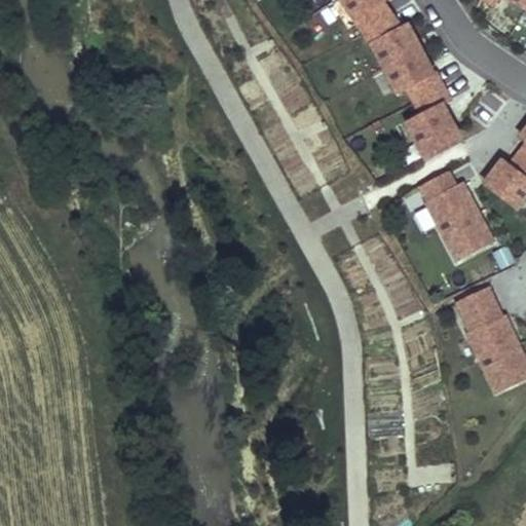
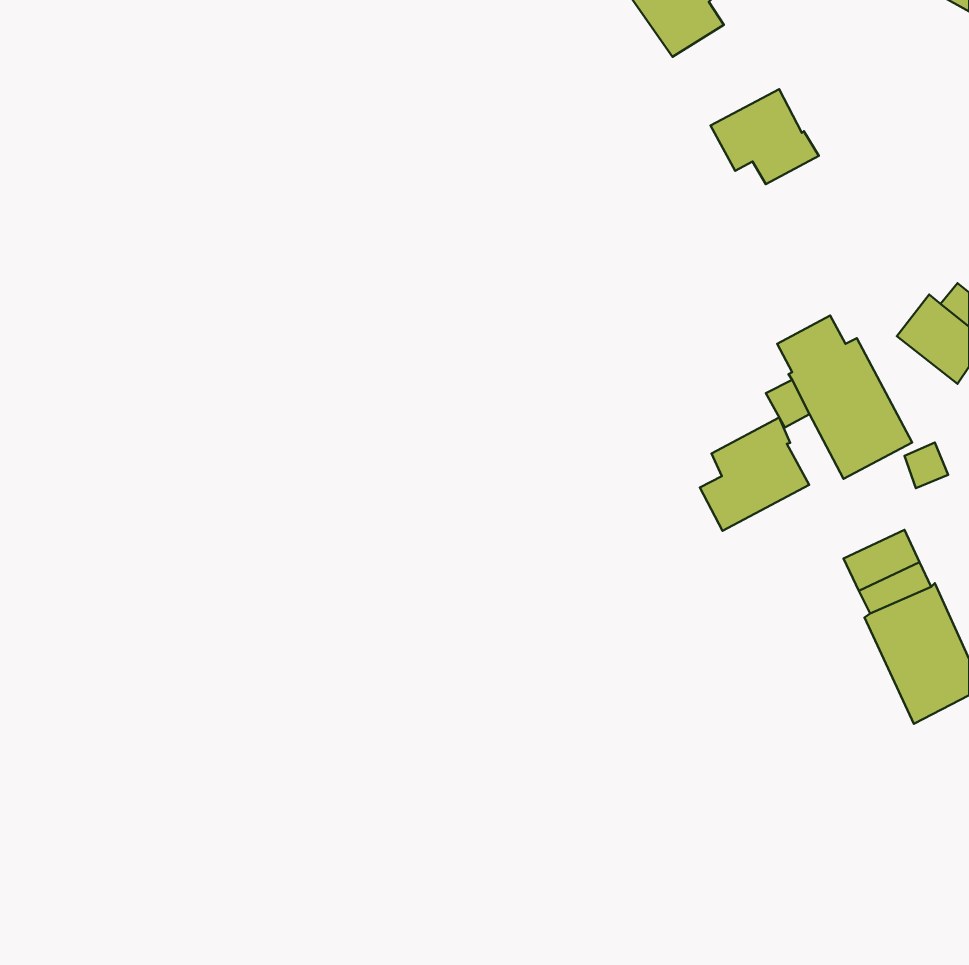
building: [364,13,421,68] -> none
building: [407,84,460,155] -> none
building: none -> [700,418,809,531]

